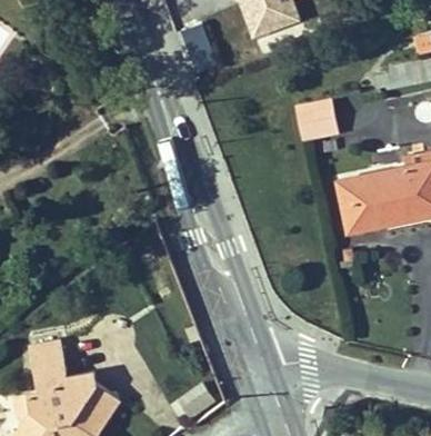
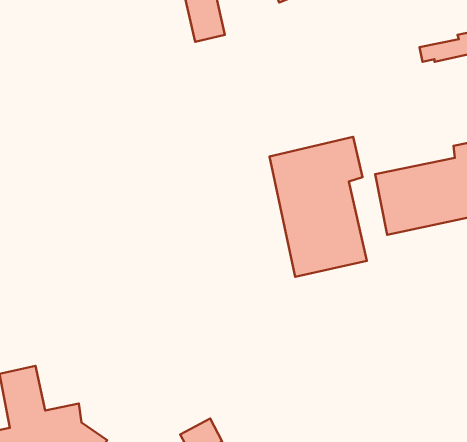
building: [298,101,337,141] -> none
building: none -> [270,137,367,277]

